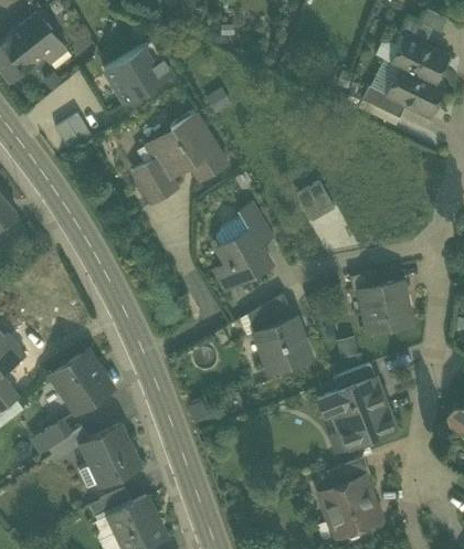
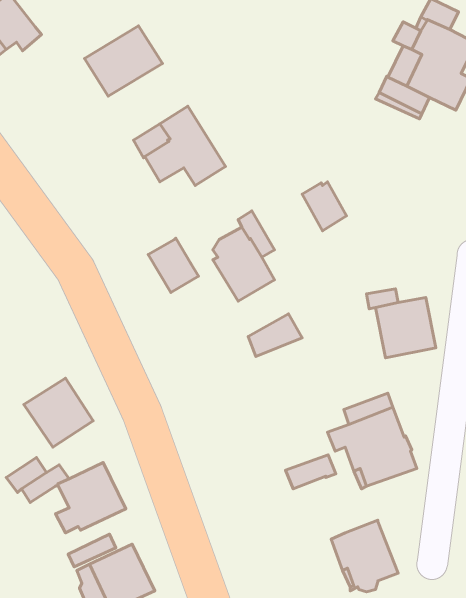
building: [55,116,92,152] -> none
building: [133,158,177,205] -> [148,238,199,292]
building: [254,317,310,374] -> none
building: [326,458,370,488] -> [285,455,336,489]

